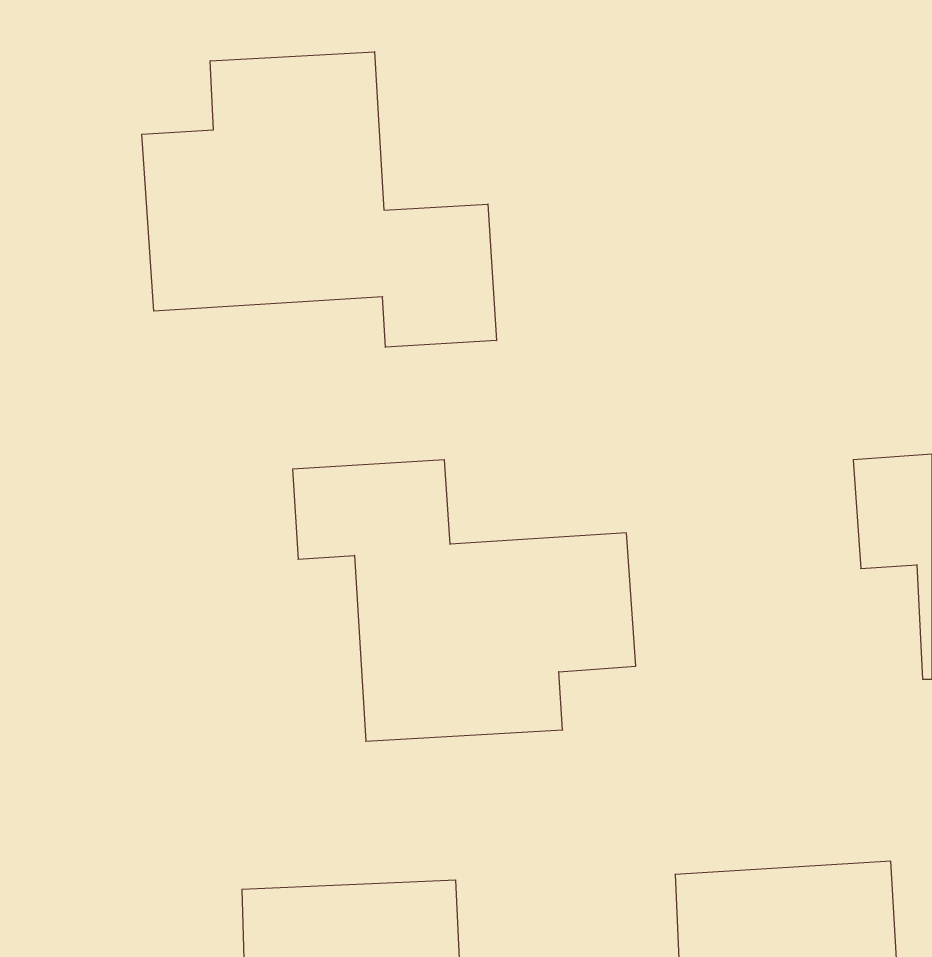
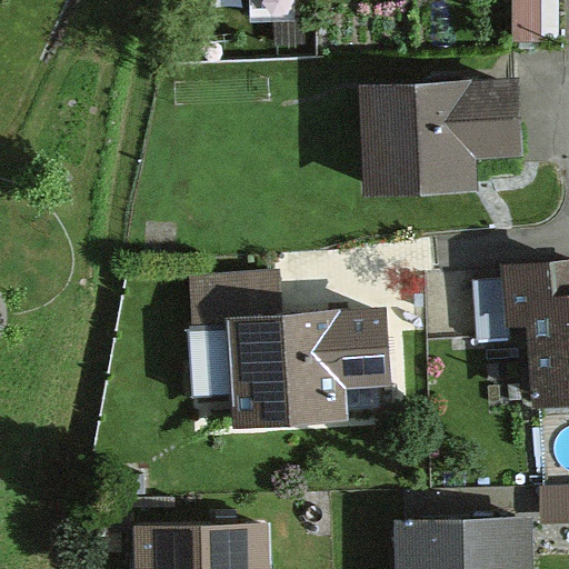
building: [142,52,496,347] -> none
building: none -> [366,80,521,192]

